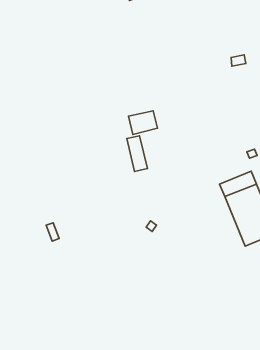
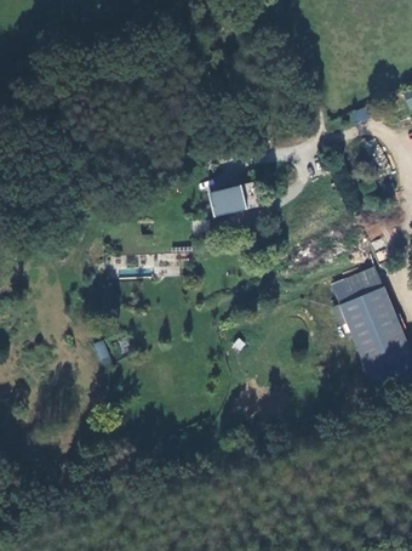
building: [127,136,148,171] -> none

